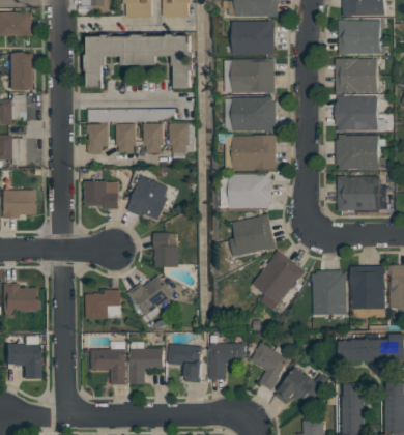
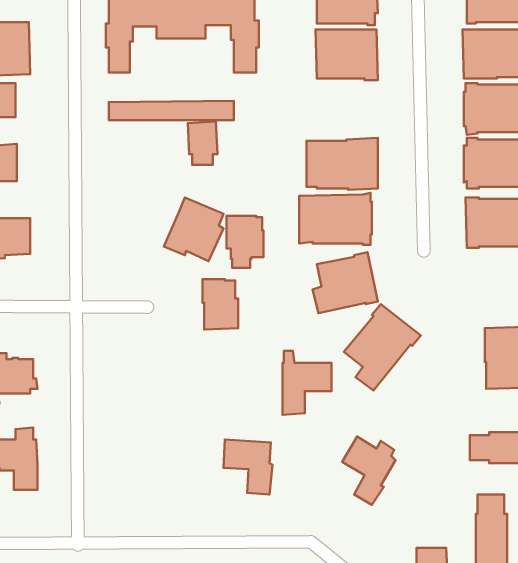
building: [225,96,276,132] -> none
building: [169,122,195,158] -> [226,216,264,268]
building: [87,123,109,153] -> none
building: [116,123,136,152] -> none
building: [84,180,119,208] -> none
building: [312,270,347,314] -> none
building: [127,274,173,319] -> none
building: [86,289,120,318] -> none
building: [209,335,243,379] -> [282,351,332,415]
building: [91,341,125,384] -> none
building: [129,341,164,383] -> none
building: [275,367,328,404] -> none

